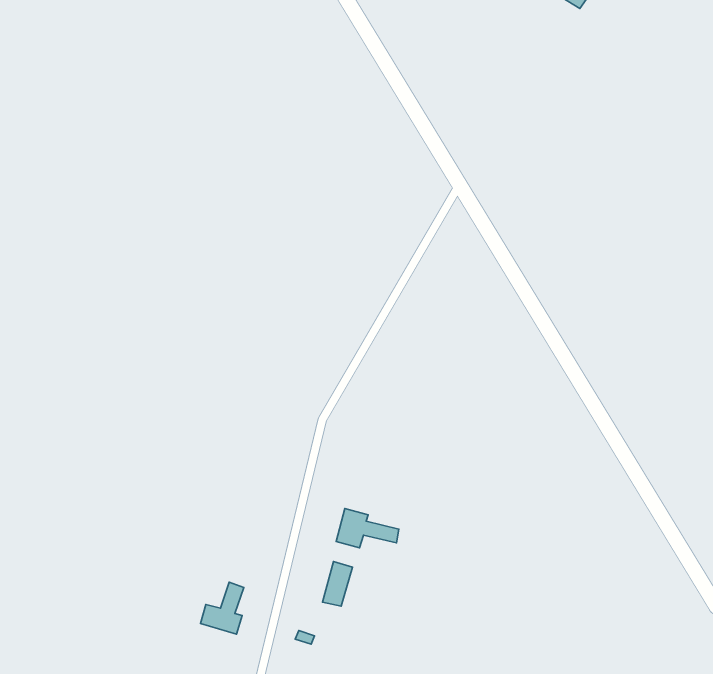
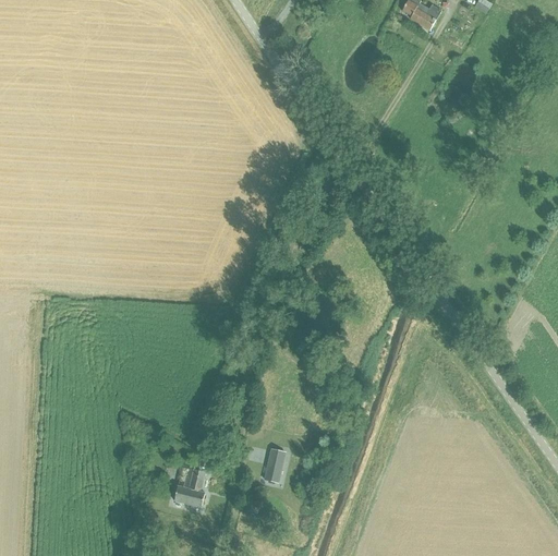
building: [336,508,399,548] -> none

